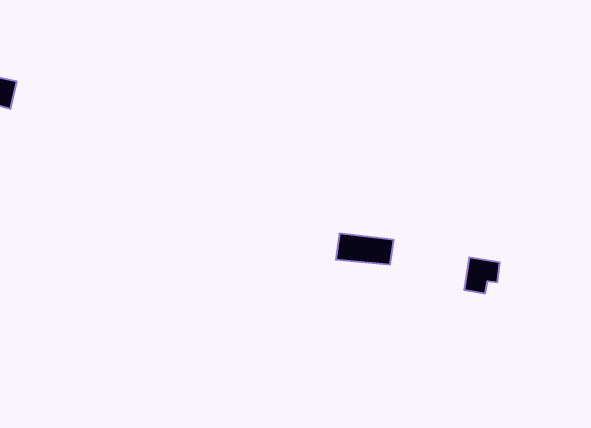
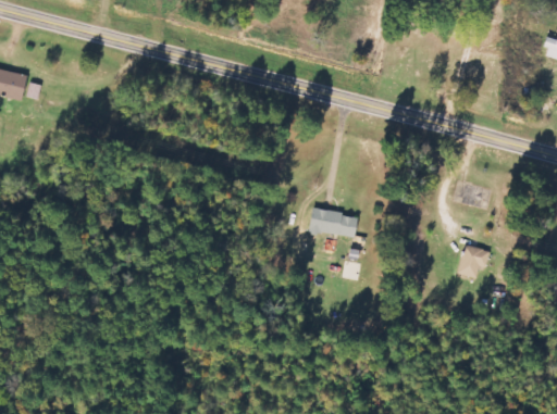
building: [464,258,500,293] -> [457,246,488,277]

